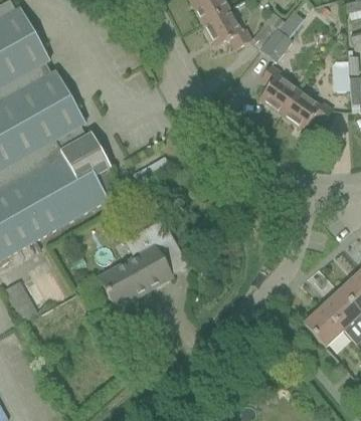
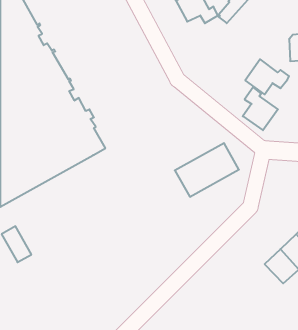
building: [260,29,293,62] -> none
building: [258,64,299,114] -> [243,87,278,130]
building: [99,245,172,306] -> [175,143,239,197]

